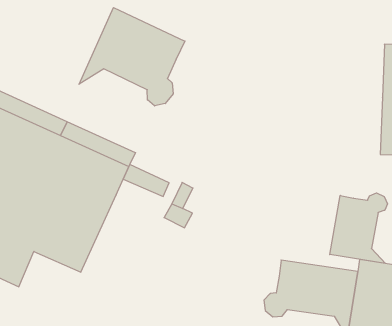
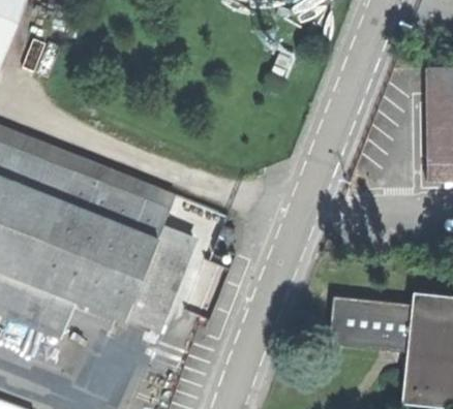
building: [79,8,185,106] -> none
building: [330,193,387,263] -> none
building: none -> [124,238,190,333]

